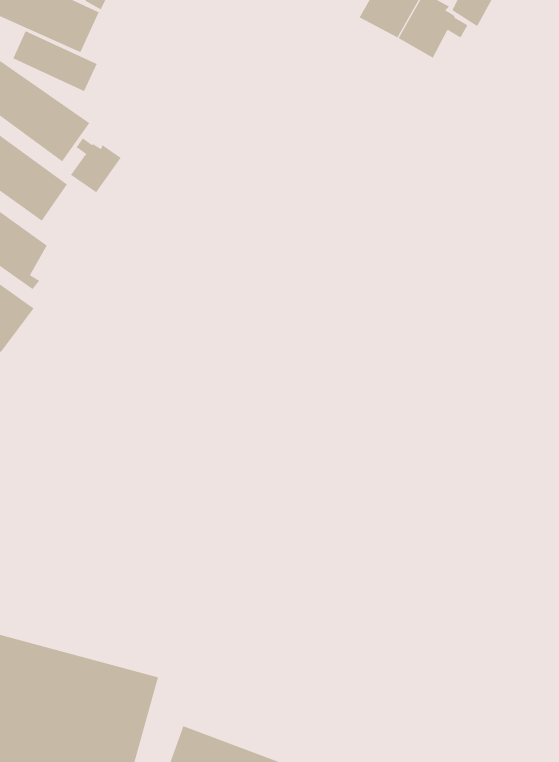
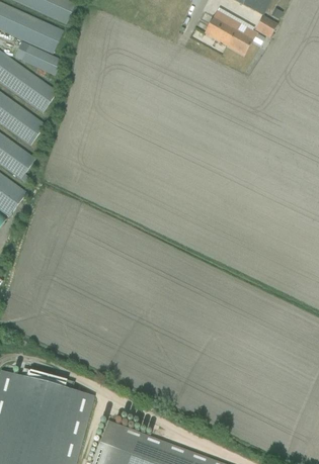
building: [70,138,121,193] -> none

